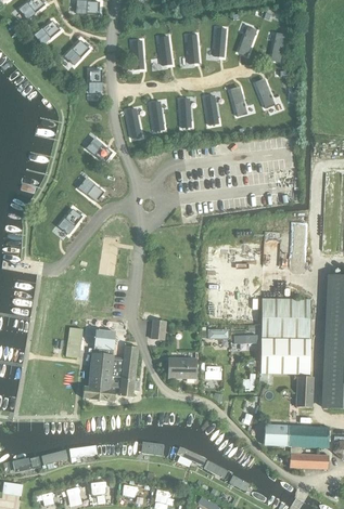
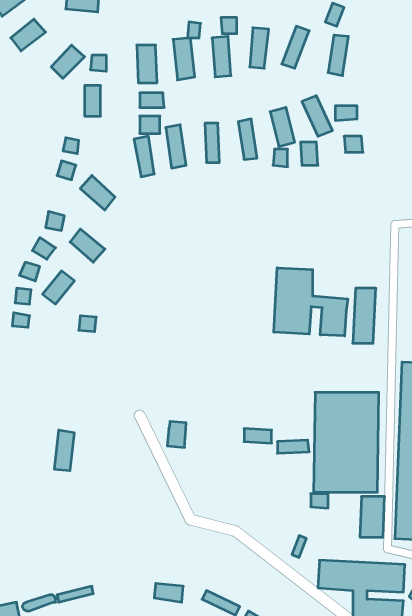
building: none -> [274,268,348,336]
building: [82,330,139,401] -> none
building: [168,358,195,378] -> none

